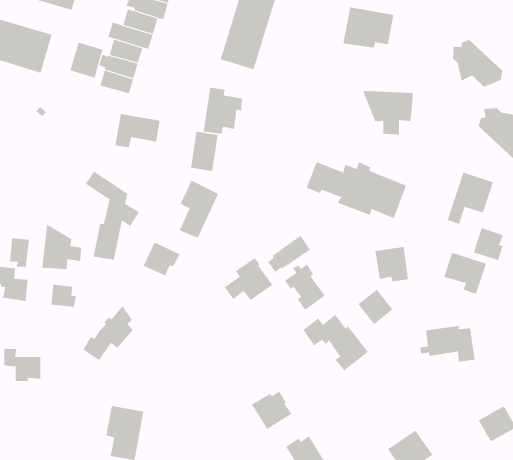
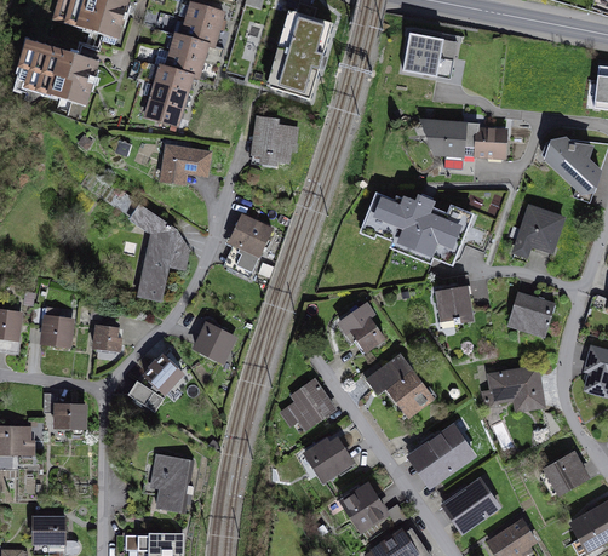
building: [453,39,503,87] -> none
building: [70,42,103,78] -> none
building: none -> [475,128,504,156]
building: [190,131,218,172] -> none
building: [42,224,82,270] -> none
building: [473,227,503,261] -> none
building: [268,235,311,273] -> none
building: [9,237,29,268] -> none
building: [143,242,181,276] -> [195,322,235,359]
building: [224,257,273,301] -> [281,380,333,426]
building: [358,289,393,325] -> none
building: none -> [415,426,472,481]

